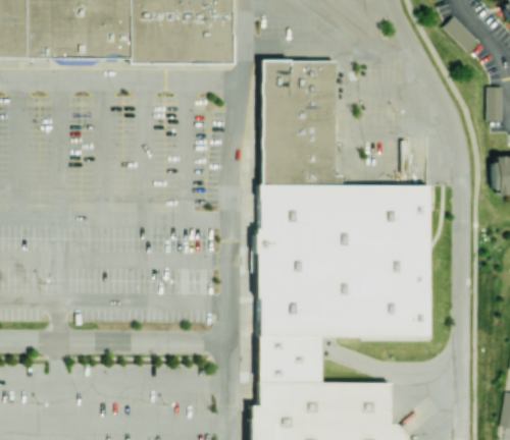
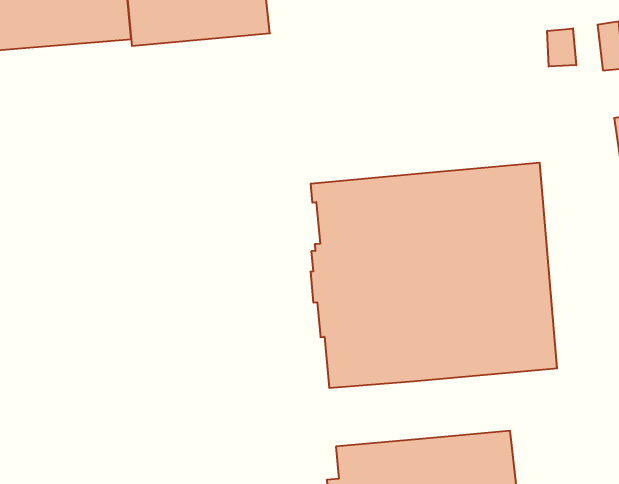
building: [261,58,343,184] -> none
building: none -> [547,28,576,67]
building: [258,339,322,384] -> none

